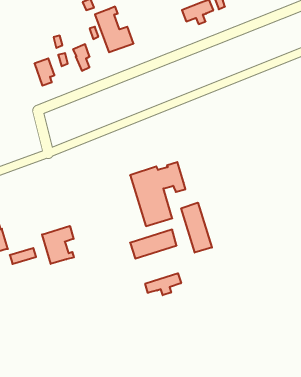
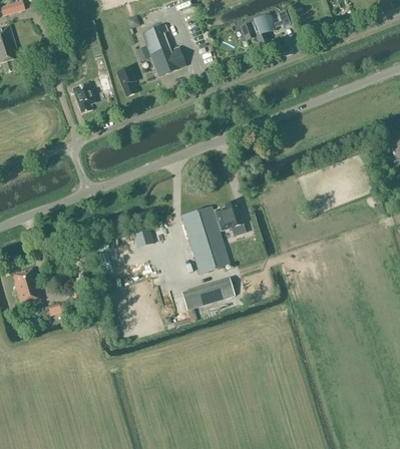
building: [181,203,212,253] -> none
building: [42,226,74,264] -> none
building: [145,273,181,295] -> none

